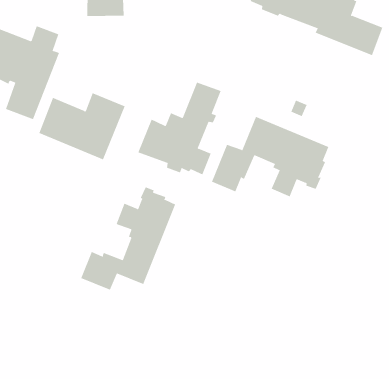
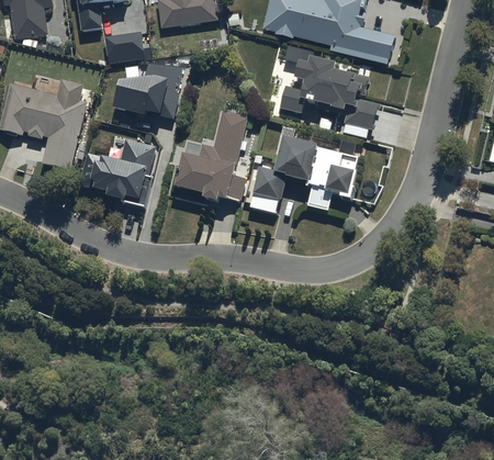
building: none -> [111,56,183,119]
building: none -> [279,57,380,138]
building: [81,186,176,290] -> none

